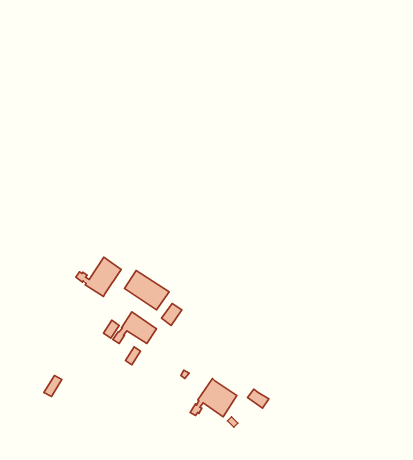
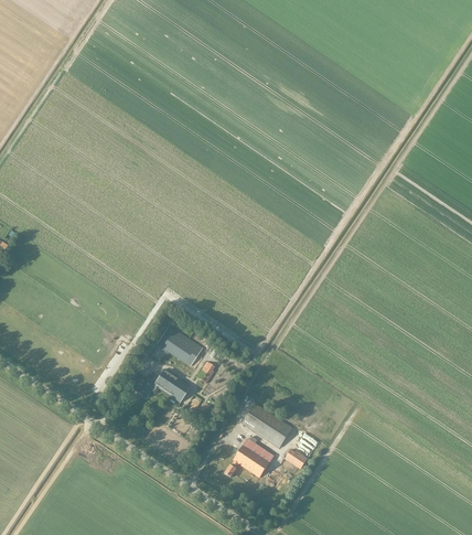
building: [76,257,121,297] -> none
building: none -> [242,403,292,448]

